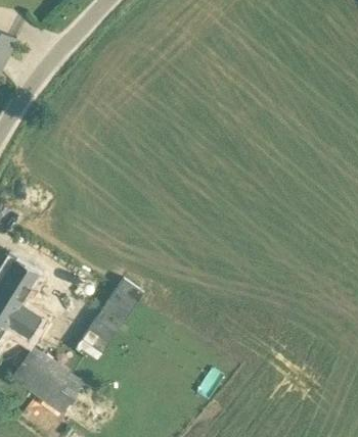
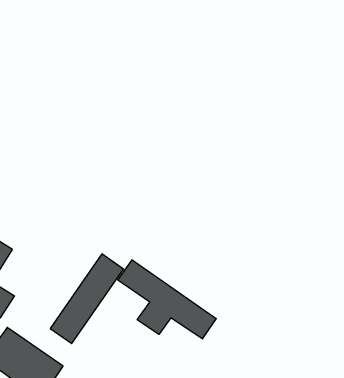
building: none -> [118,260,216,339]

